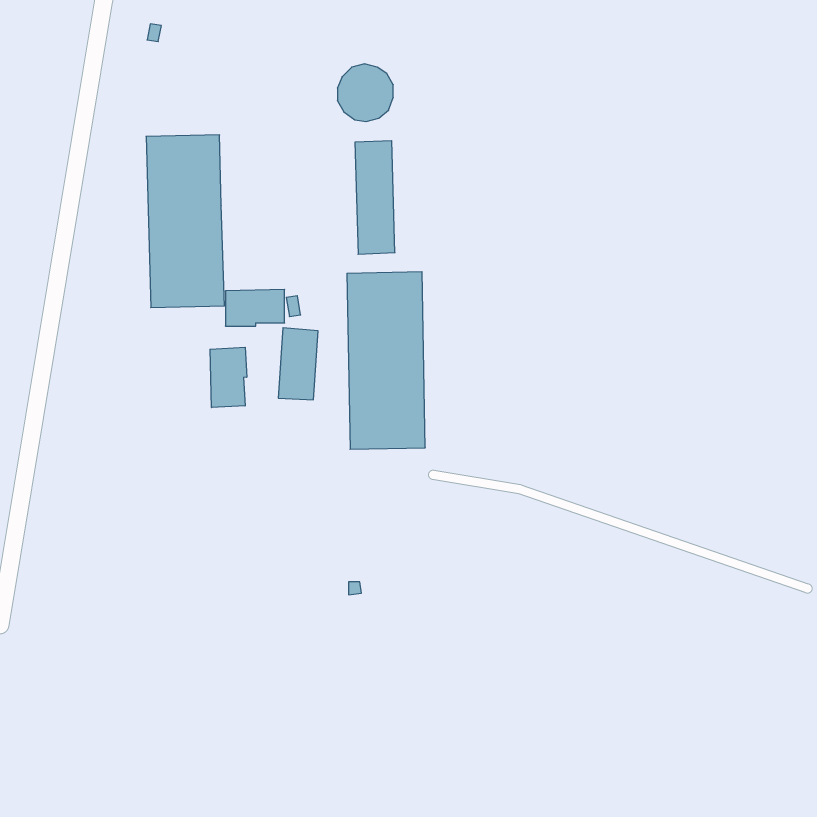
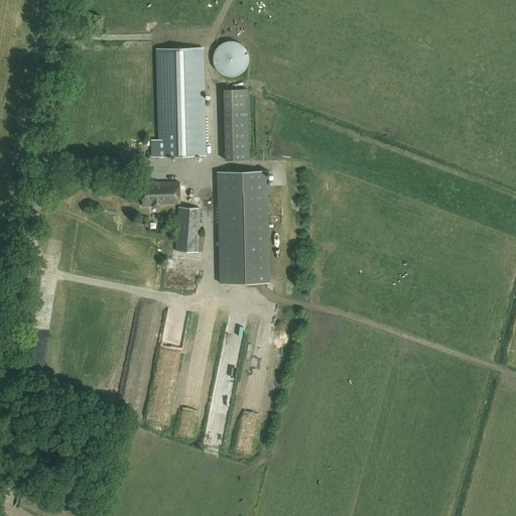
building: [146,135,224,308] -> [156,47,206,156]
building: [210,347,247,408] -> none

